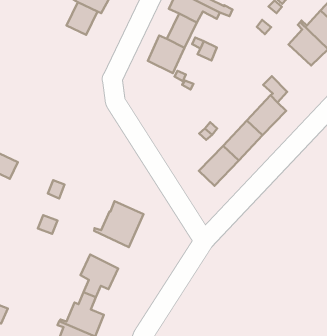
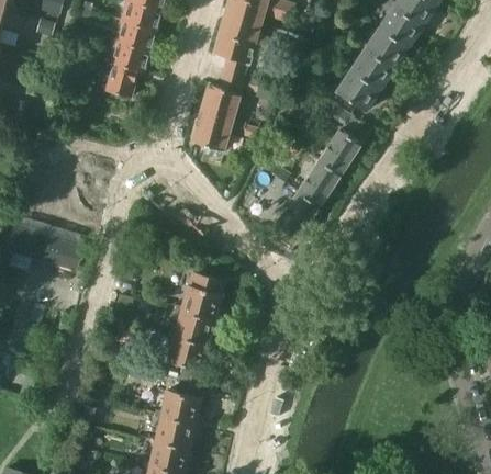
building: none -> [331,70,379,111]
building: none -> [192,114,231,150]
building: none -> [174,308,215,345]

